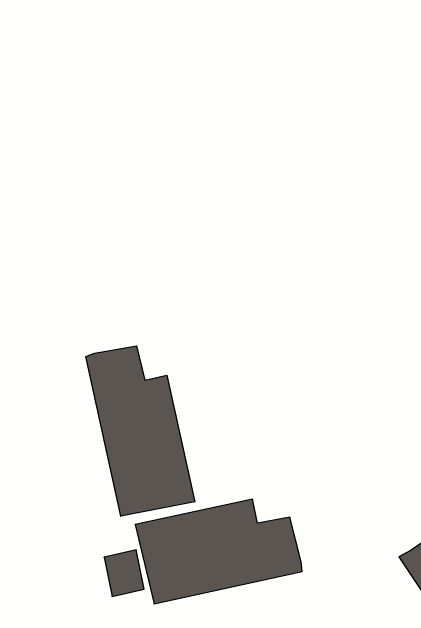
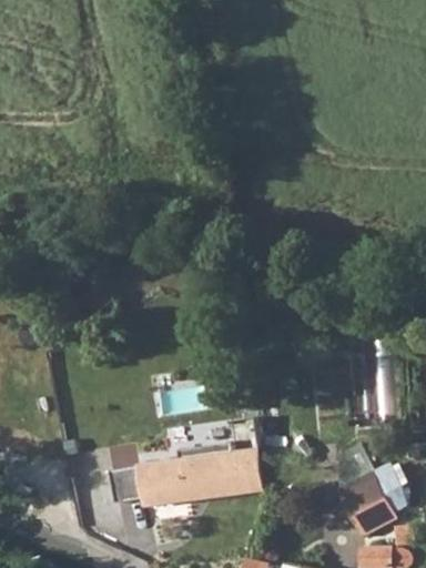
building: [86,346,195,516] -> none

